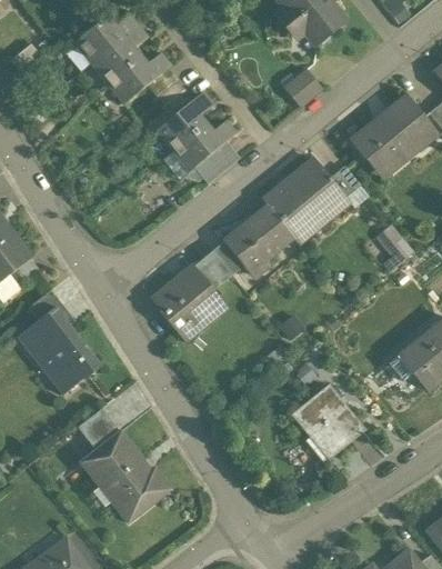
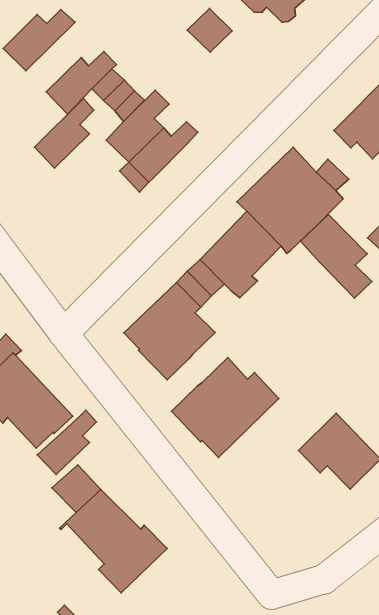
building: [90,26,144,83] -> [34,98,94,168]
building: [283,69,322,107] -> [187,9,232,52]
building: [191,140,238,184] -> none
building: none -> [300,215,372,298]
building: none -> [171,358,279,457]
building: none -> [37,410,97,474]

